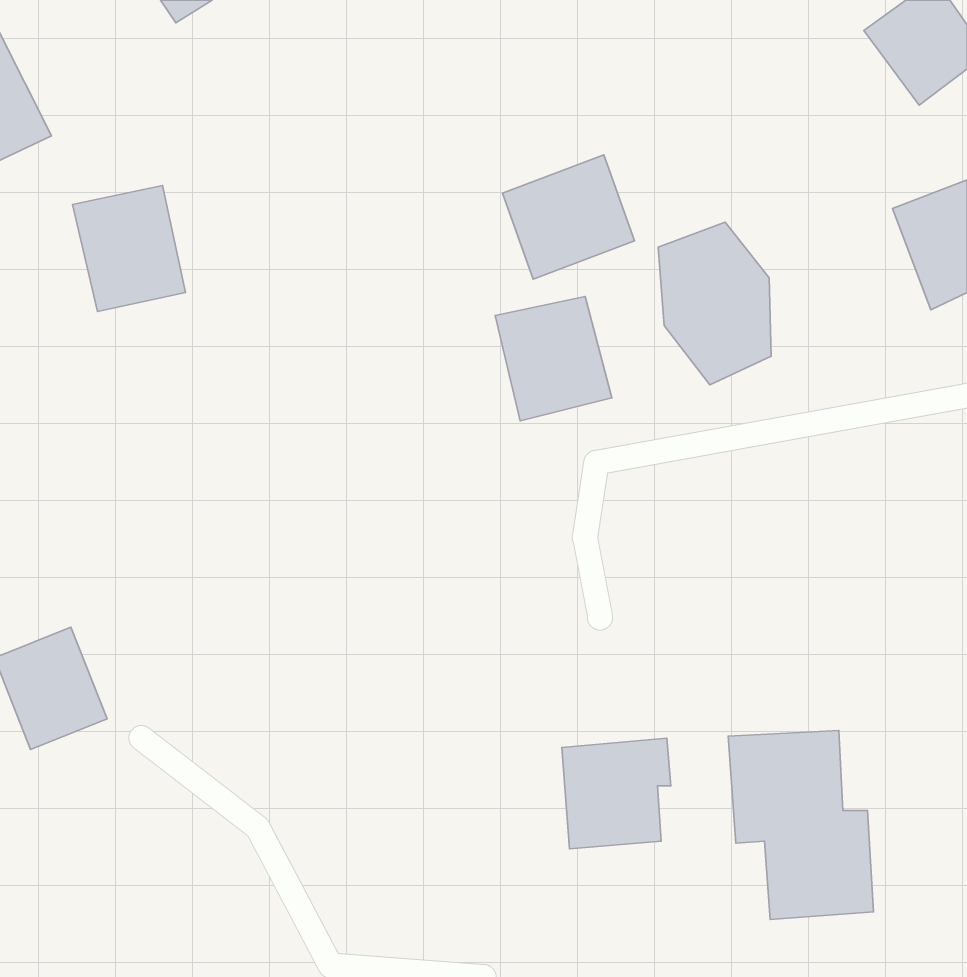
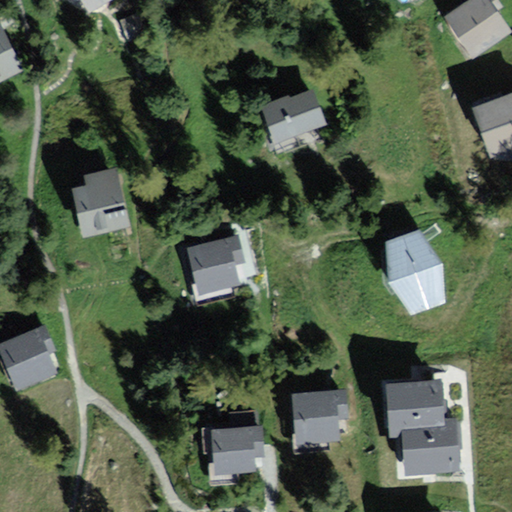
building: [73,185,185,312] -> [76,169,135,235]
building: [658,222,771,385] -> [379,230,438,315]
building: [495,297,612,421] -> [188,236,249,301]
building: none -> [208,422,267,473]

